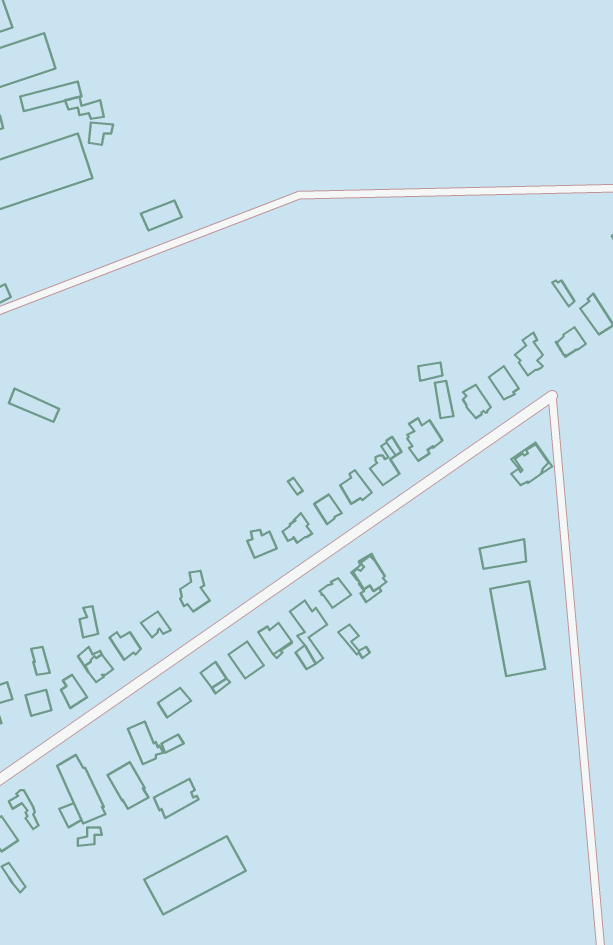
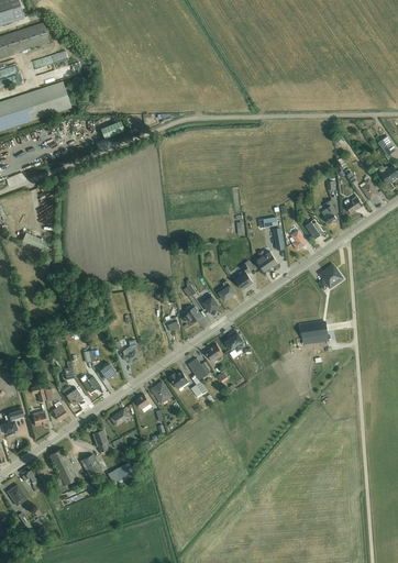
building: [490,581,545,676] -> none
building: [144,836,246,914] -> none

